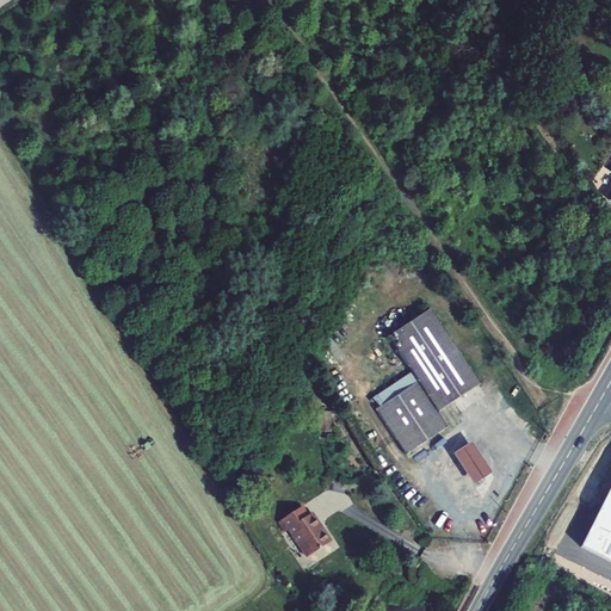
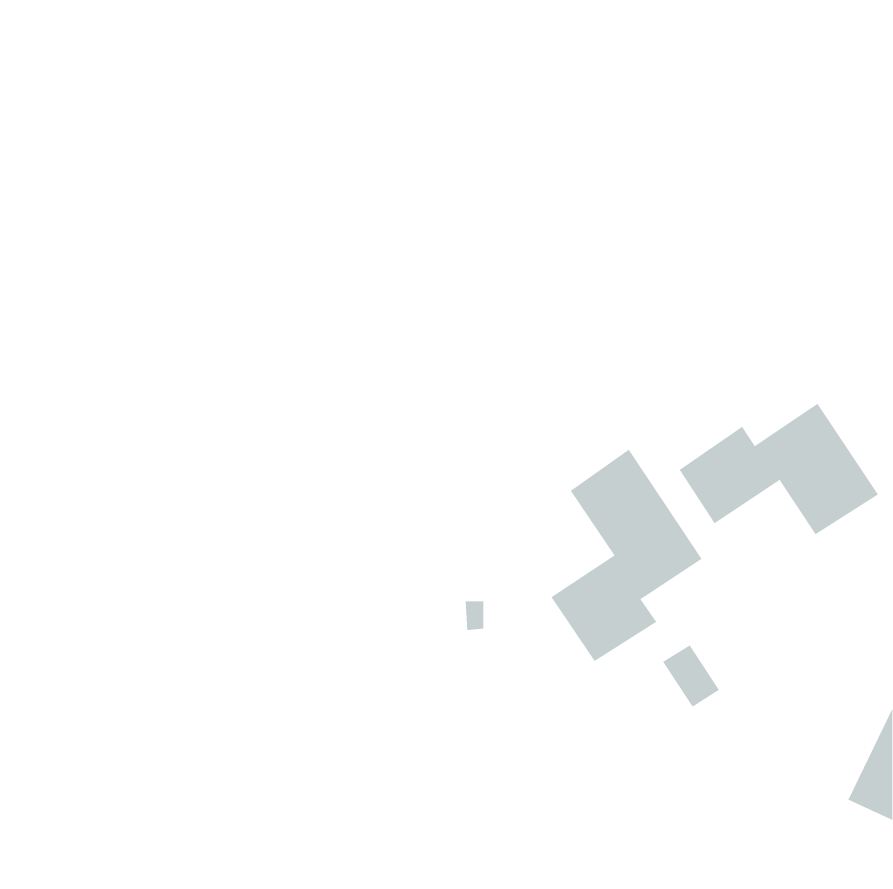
building: none -> [679,403,879,535]
building: [278,505,331,555] -> none

